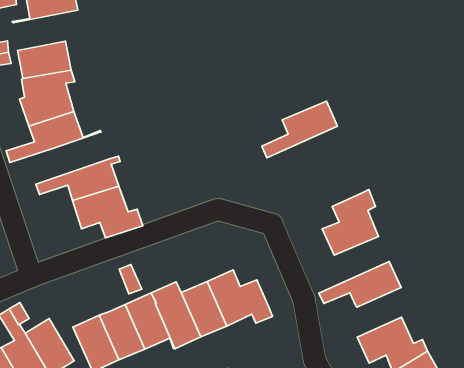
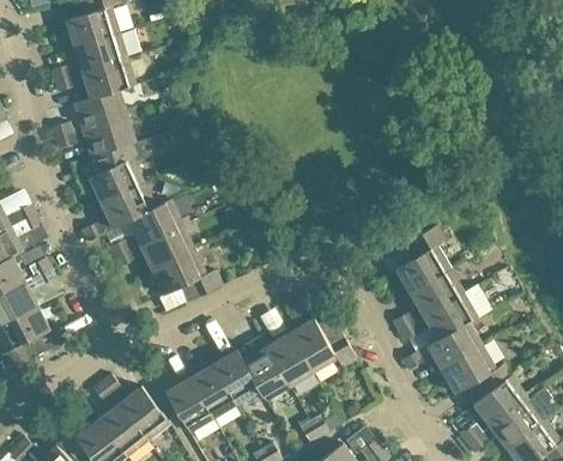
building: none -> [74,84,135,129]
building: [262,101,337,158] -> [393,269,464,330]
building: none -> [109,199,190,256]
building: none -> [402,316,482,370]

